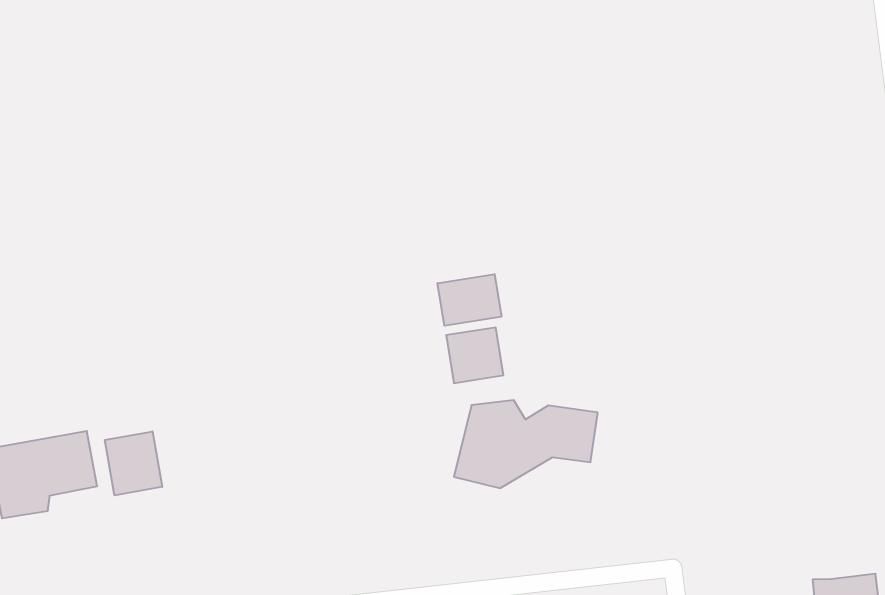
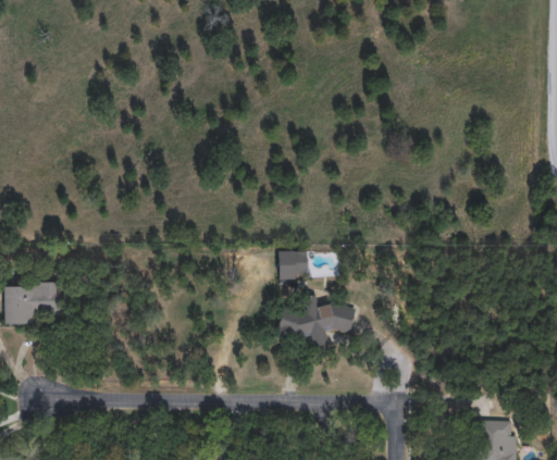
building: [438,274,501,326] -> none
building: [105,431,162,495] -> none

